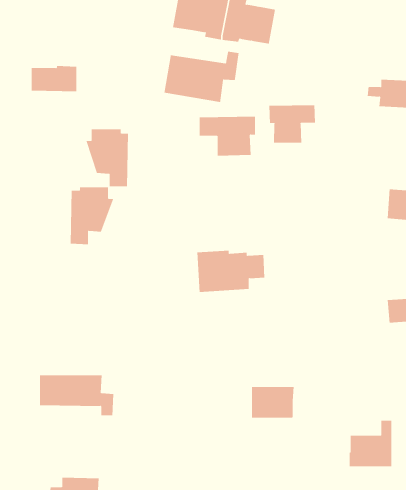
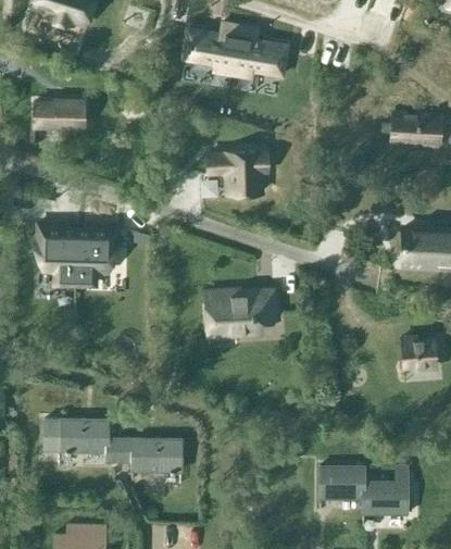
building: [164,51,239,103] -> none
building: [269,104,315,143] -> none
building: [86,129,129,187] -> [33,225,77,285]
building: [251,386,294,418] -> [321,466,365,499]
building: none -> [121,439,183,472]

